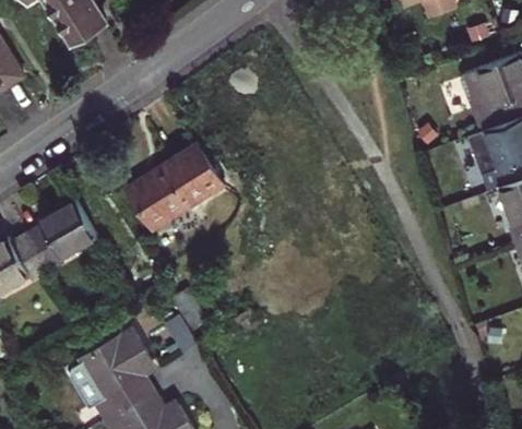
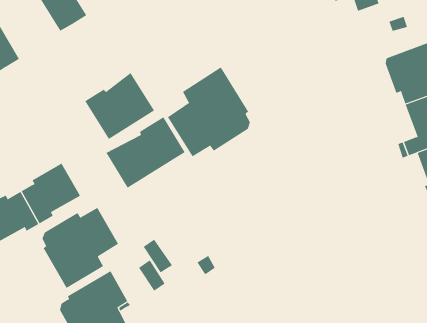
building: none -> [167,67,251,157]
building: none -> [84,72,155,140]
building: none -> [42,207,119,289]

